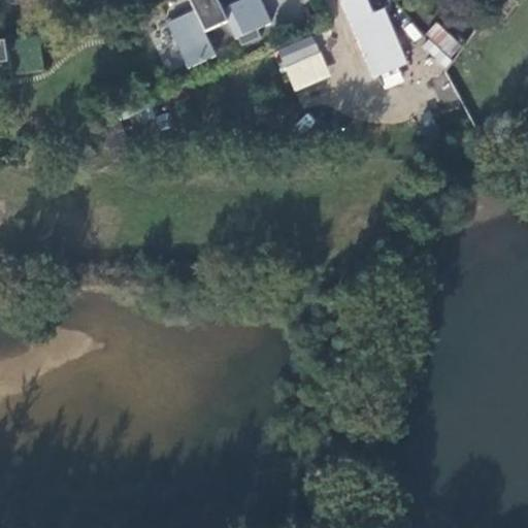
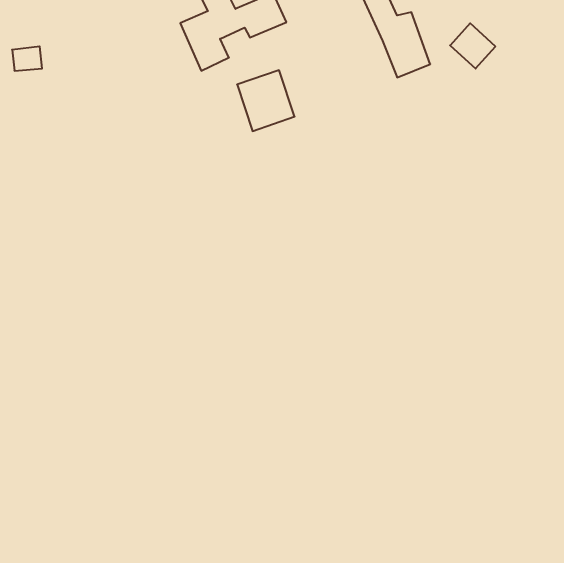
building: [277,33,331,90] -> [237,70,295,131]

